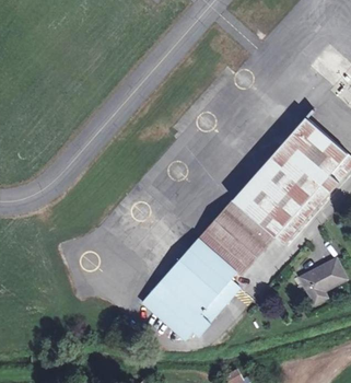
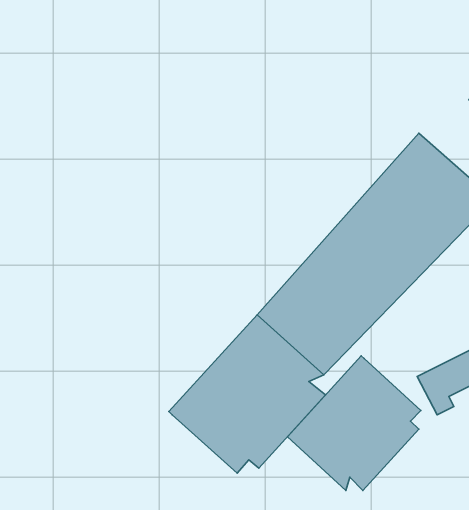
building: none -> [288,356,421,491]

